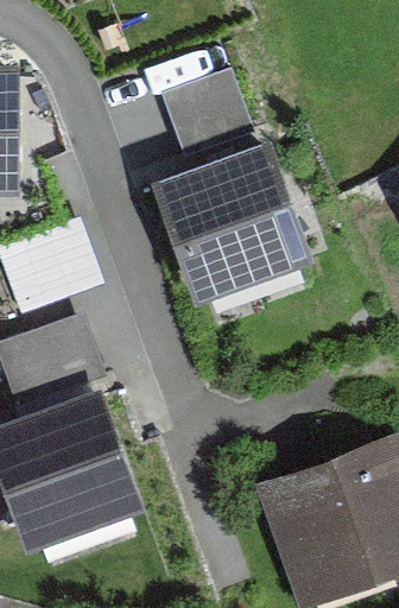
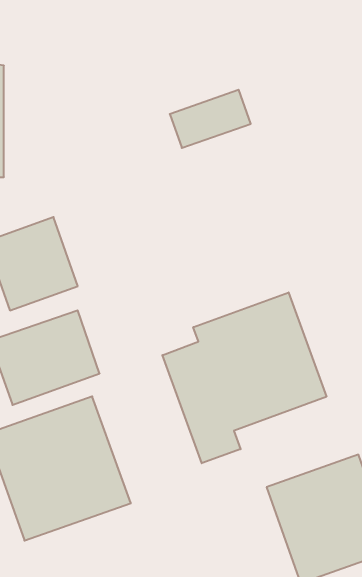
building: [162,153,303,294] -> none
building: none -> [162,292,326,463]

